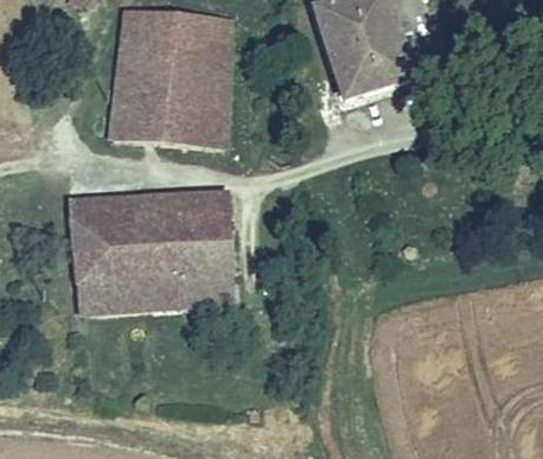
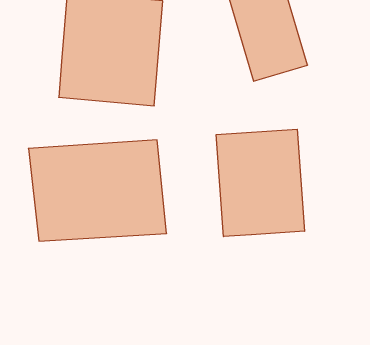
building: none -> [216,129,305,237]

